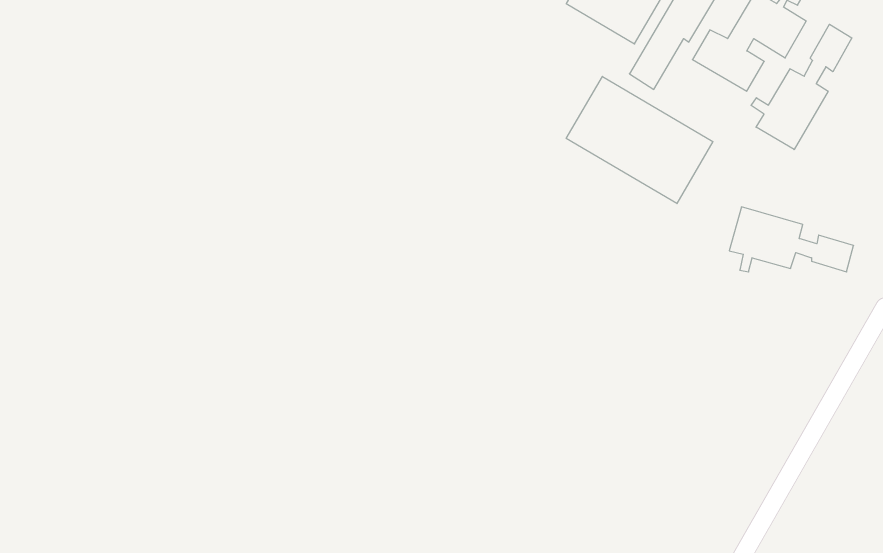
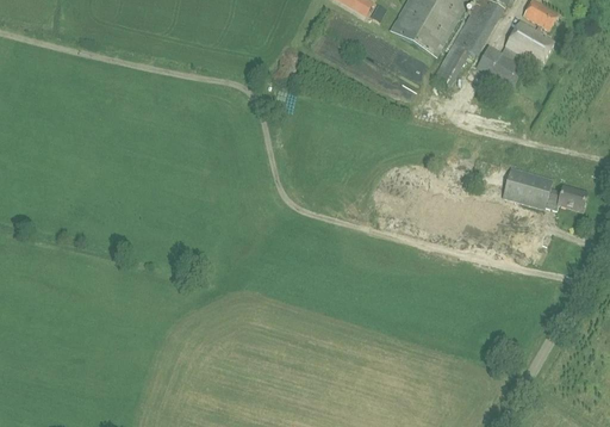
building: [751,24,852,150] -> none
building: [566,76,713,204] -> none

